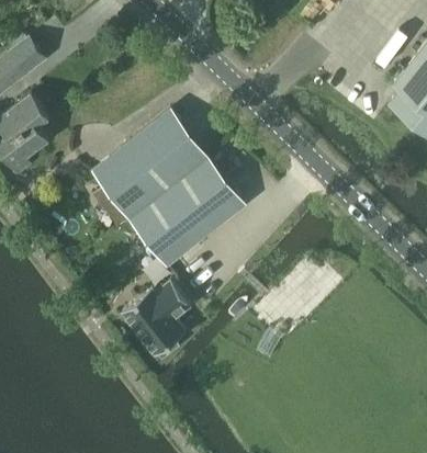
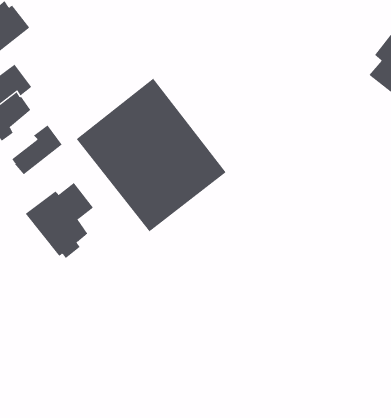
building: none -> [11,125,63,175]
building: [121,281,190,358] -> [25,182,94,259]

